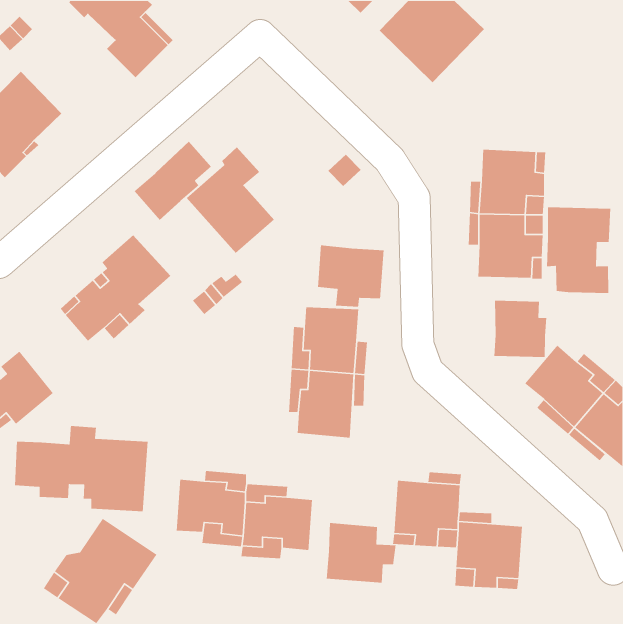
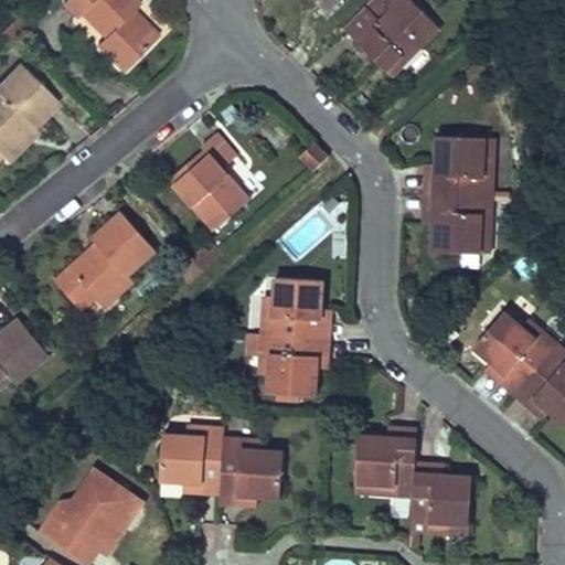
building: [134,141,212,221] -> none
building: [546,207,611,294] -> none
building: [317,245,385,307] -> none
building: [494,300,547,358] -> none
building: [14,425,149,512] -> none
building: [326,522,396,583] -> none

